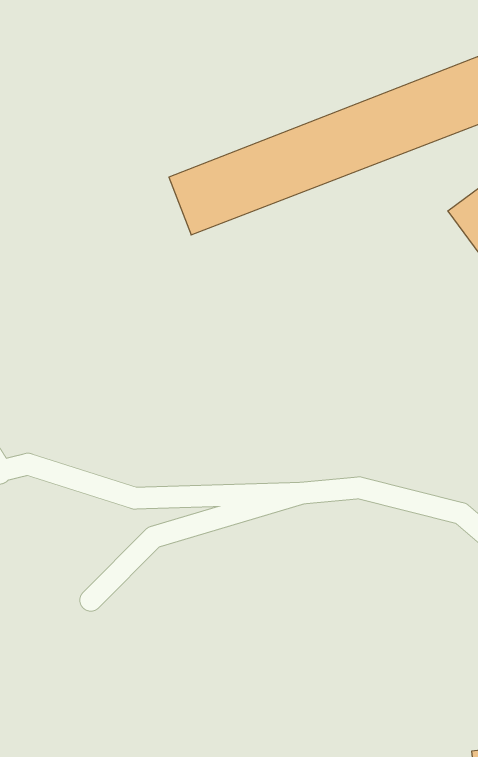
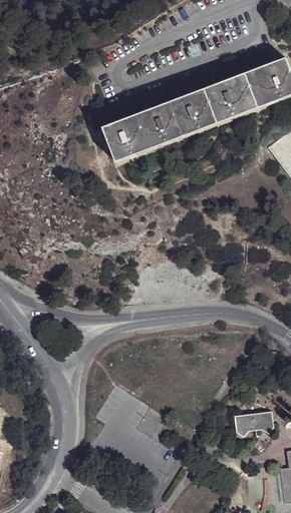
building: none -> [236,410,274,435]

